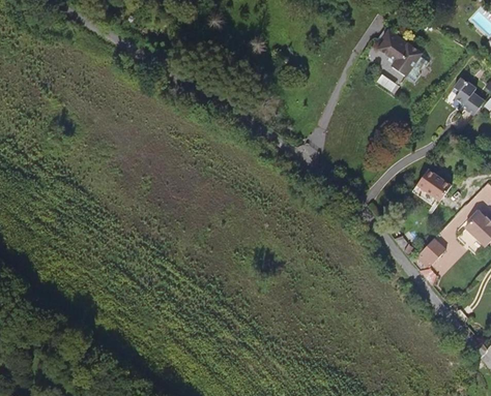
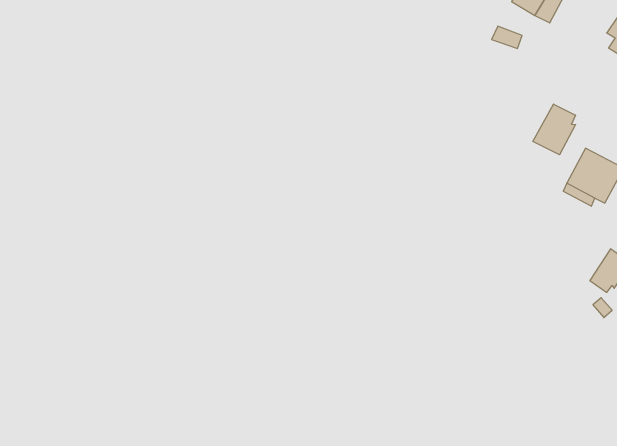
building: none -> [533,104,576,155]

